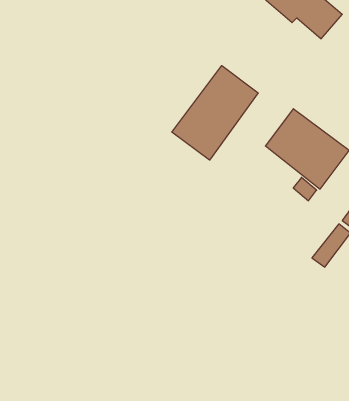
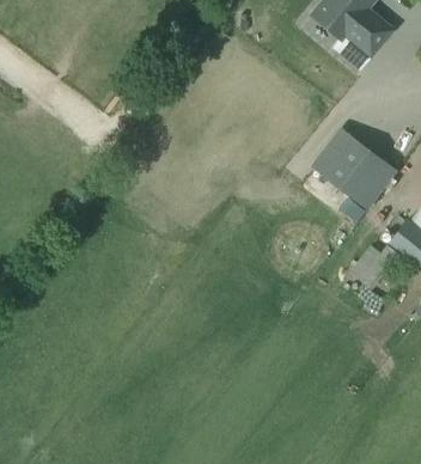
building: [172,66,258,160] -> none

